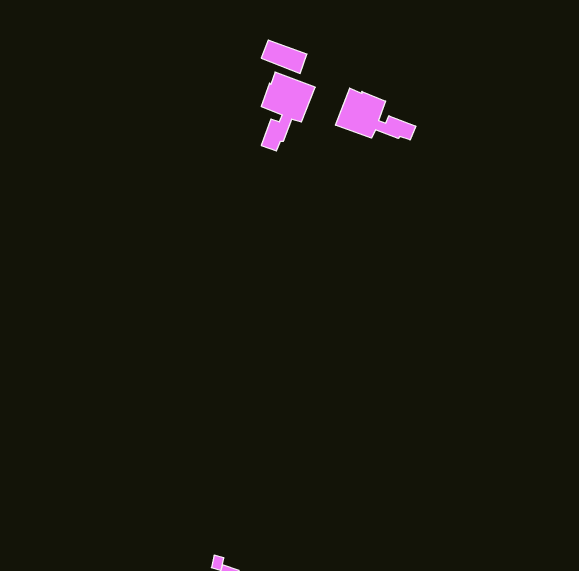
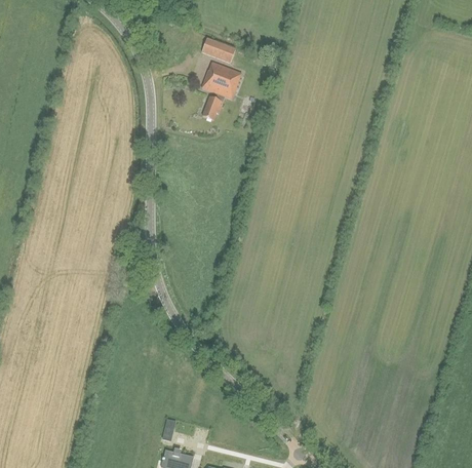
building: [336,88,416,140] -> none

